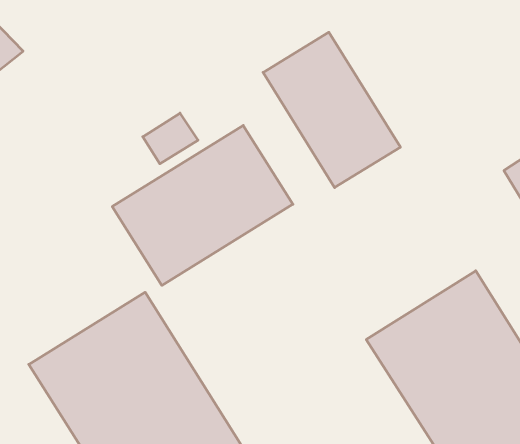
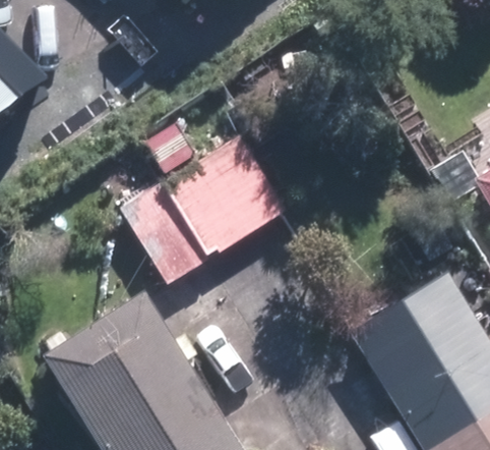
building: [263,32,400,188] -> none

